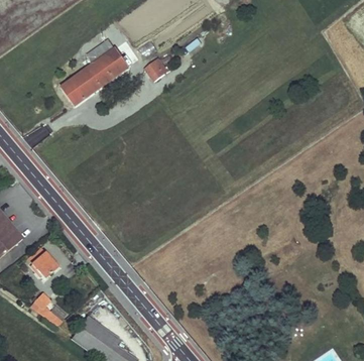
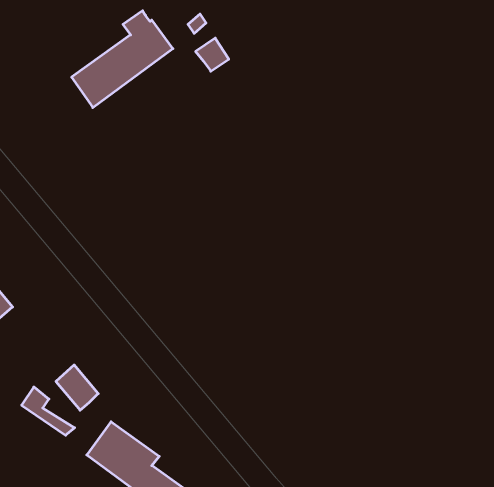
building: [27,247,55,277] -> [56,365,98,410]

